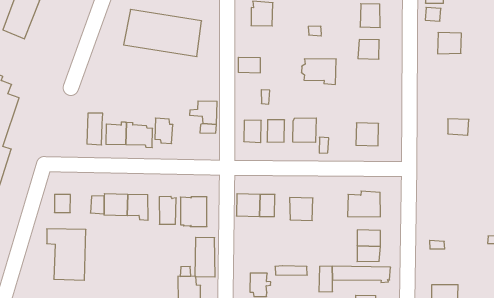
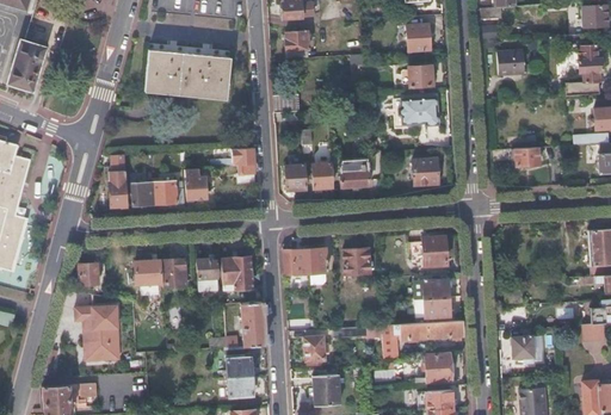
building: [301,59,336,84] -> [399,97,438,125]

